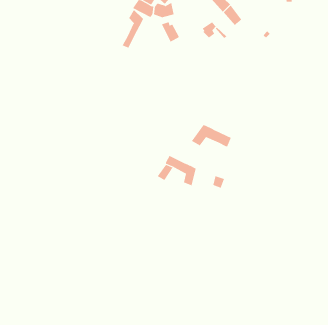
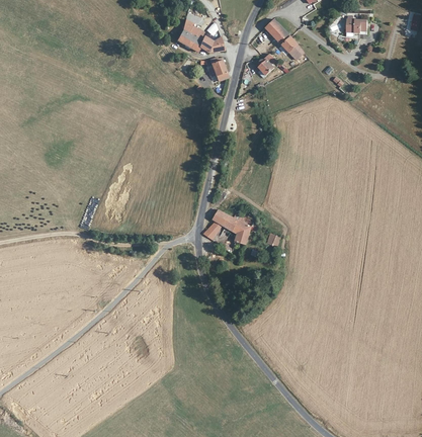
building: [122,9,144,48] -> none
building: [191,124,232,147] -> none

